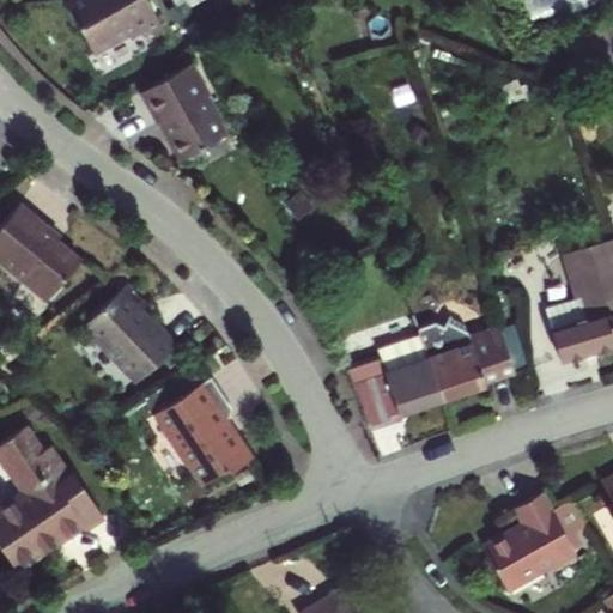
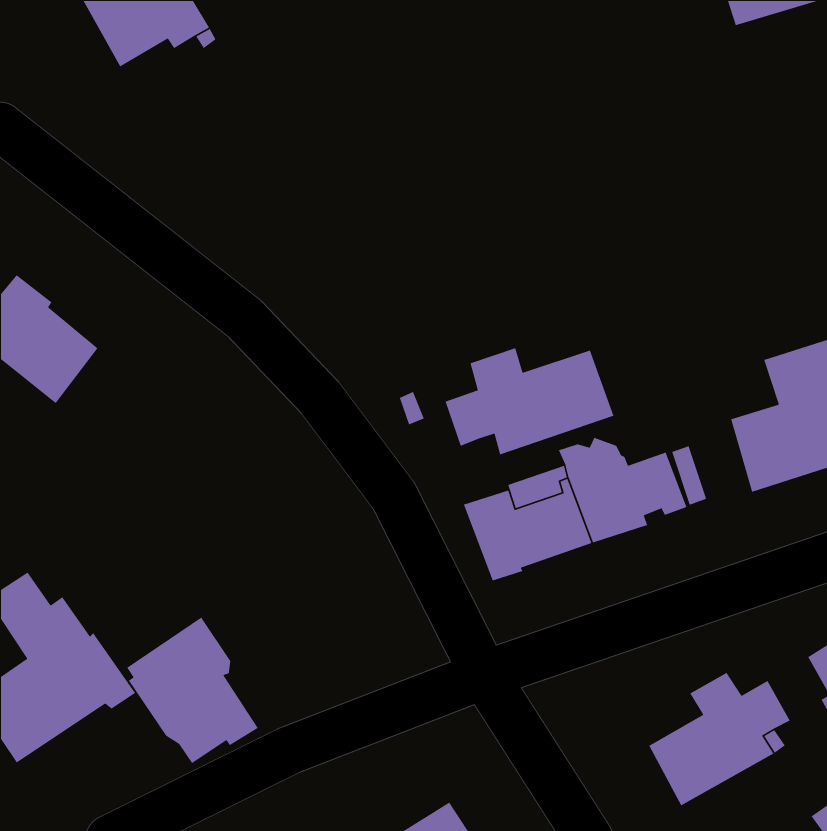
building: [141,69,224,164] -> none
building: none -> [444,347,615,456]
building: [85,284,177,381] -> none
building: [157,374,254,481] -> [126,616,259,764]

